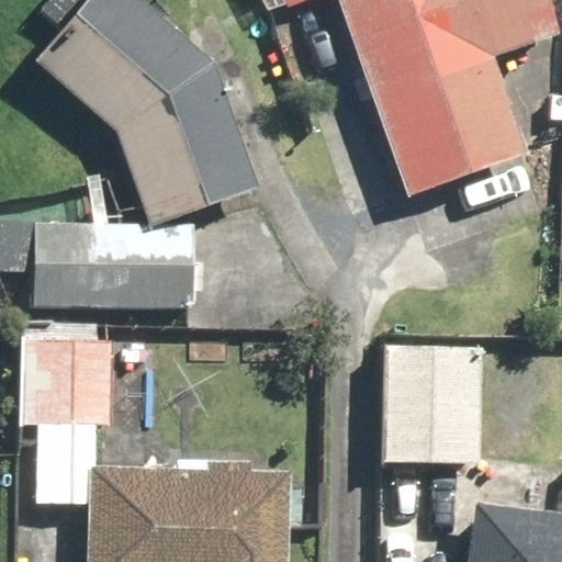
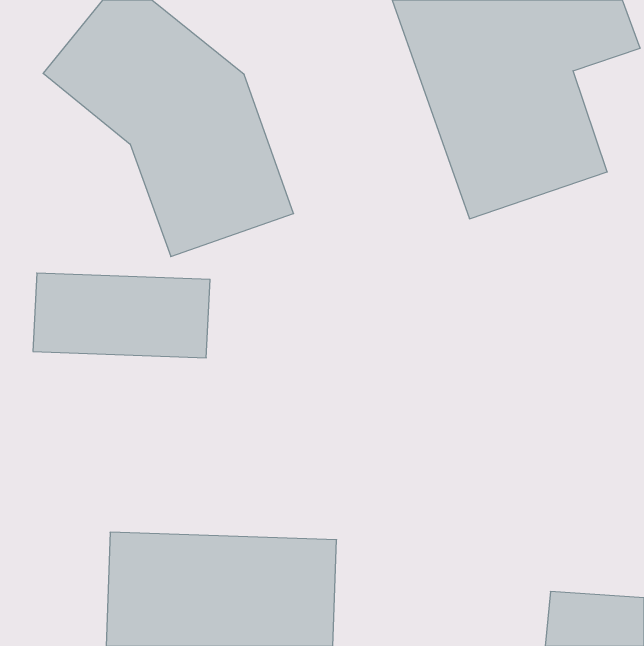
building: [23,330,110,418] -> none
building: [381,337,477,463] -> none

